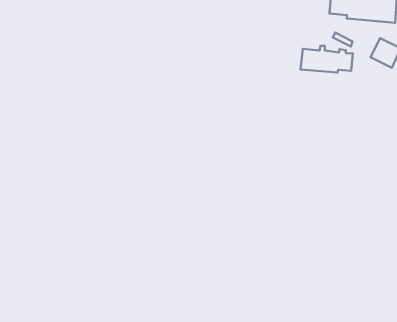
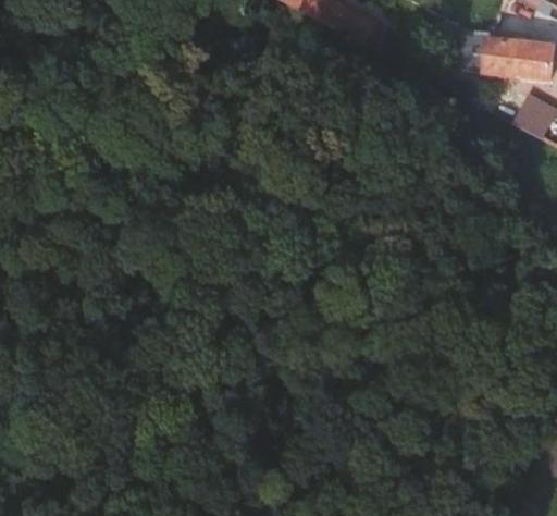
building: [301,46,353,72] -> none

